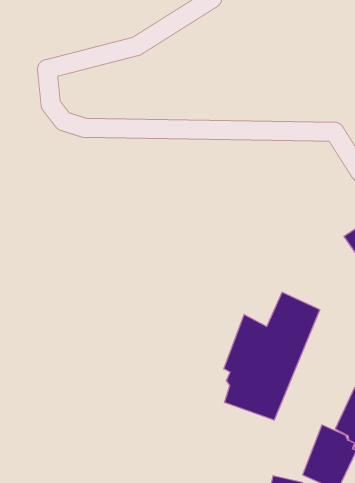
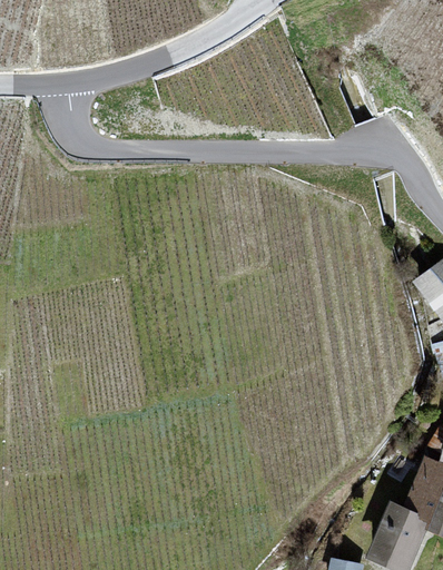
building: [224,292,320,420] -> none

